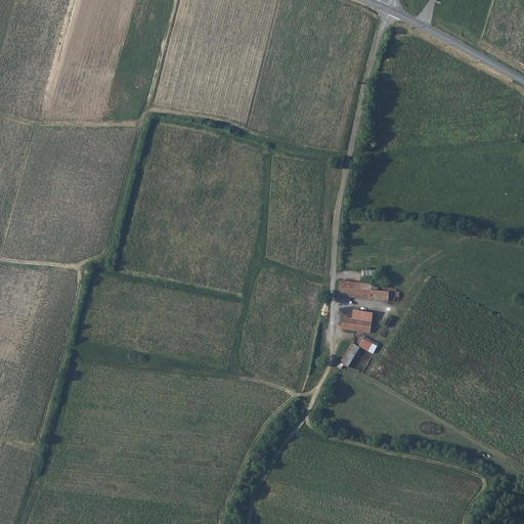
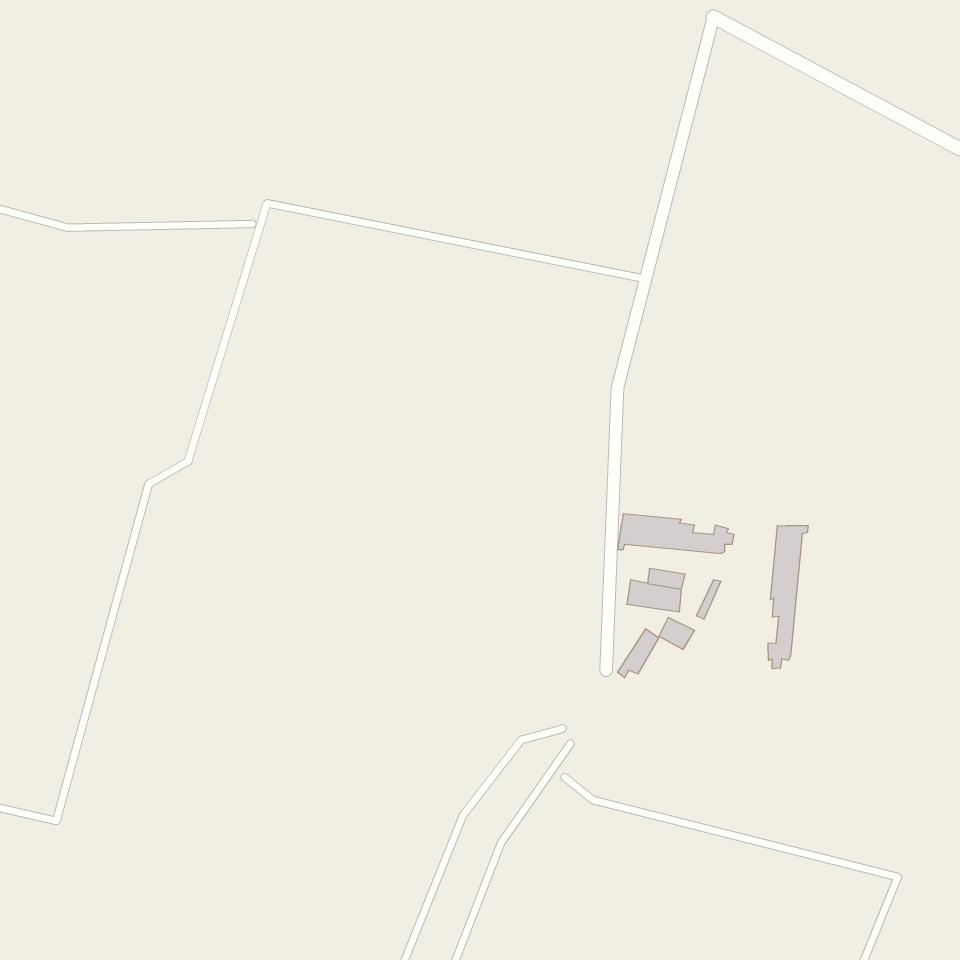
building: none -> [768,525,808,669]

